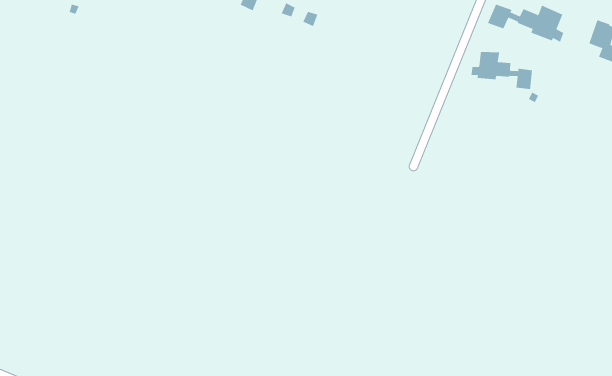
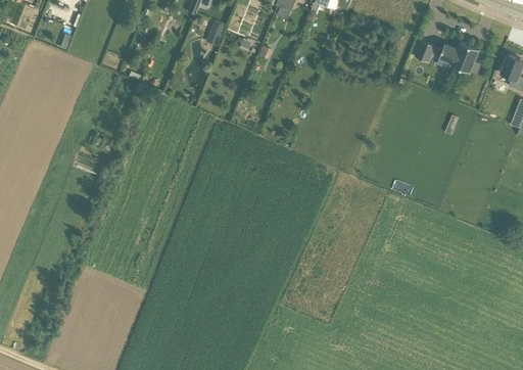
building: [471,51,532,90] -> none

